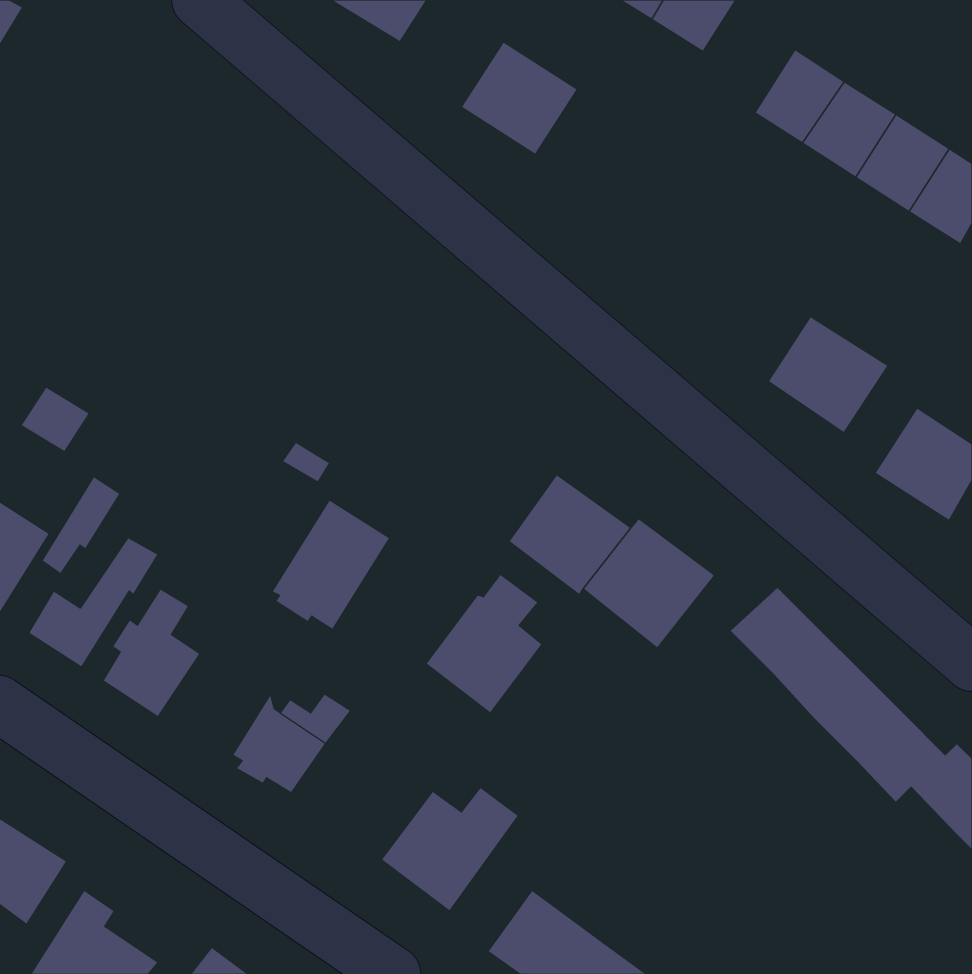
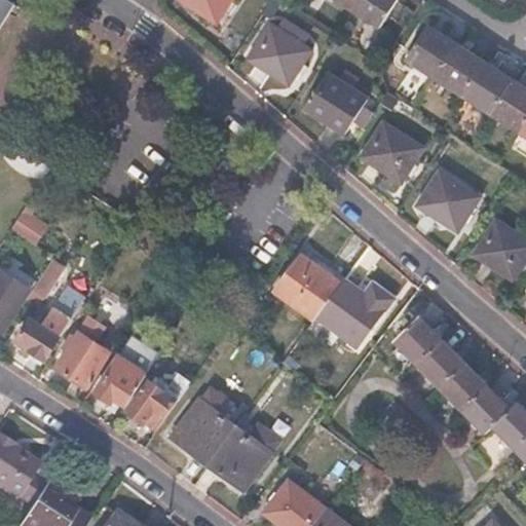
building: none -> [304,71,367,132]
building: none -> [363,119,425,180]
building: [272,500,390,630] -> [92,337,156,407]
building: [426,574,542,713] -> [171,388,233,463]

